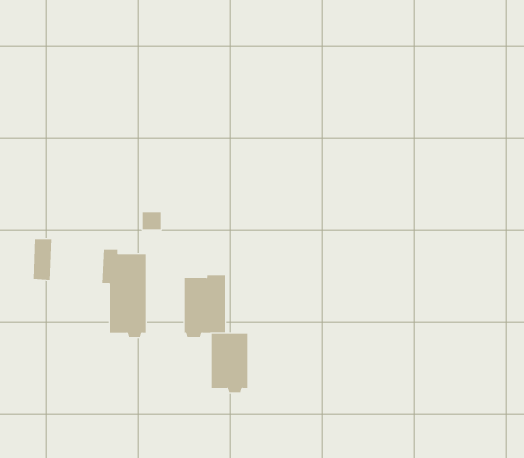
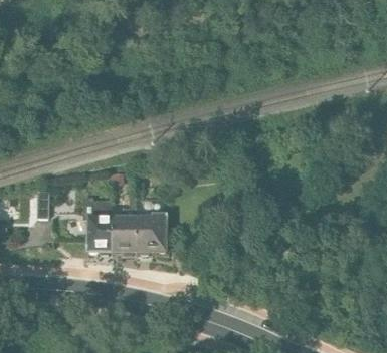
building: [211,333,248,393] -> [114,215,139,255]

